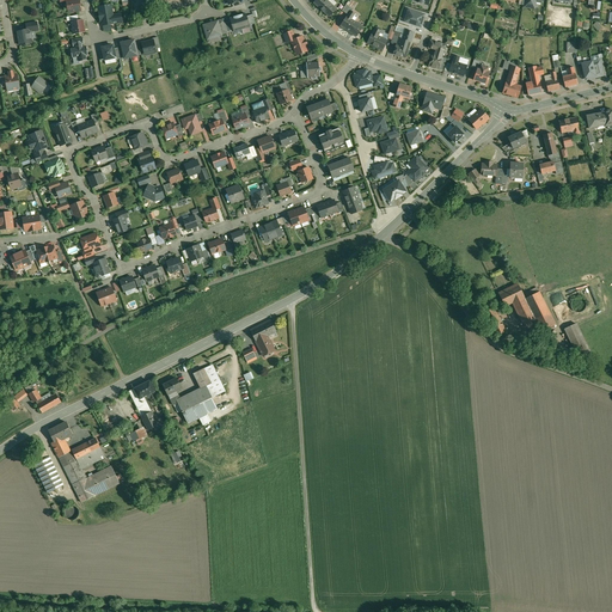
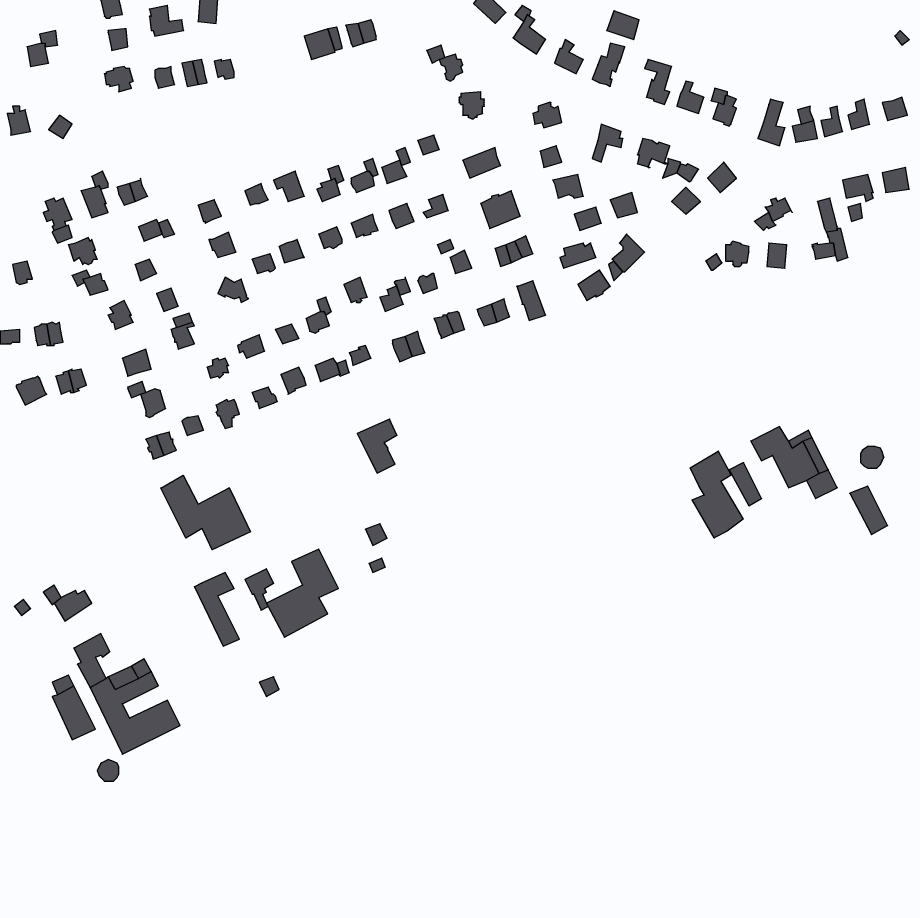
building: none -> [690,451,743,538]
building: none -> [161,475,250,550]
building: [250,319,276,355] -> [357,419,397,473]

